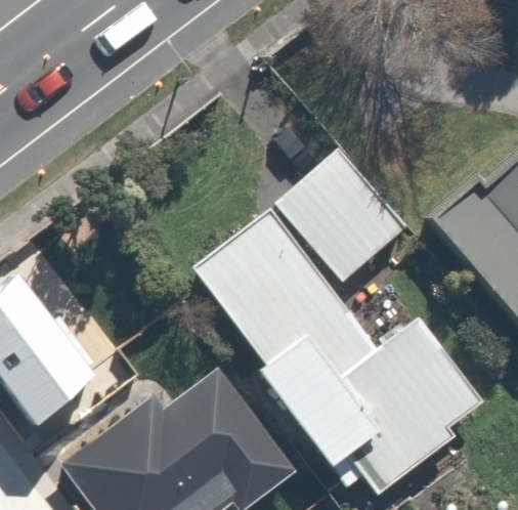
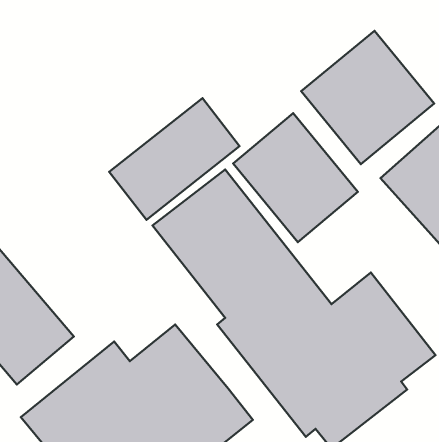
building: none -> [301,31,434,164]
building: none -> [109,98,240,220]

